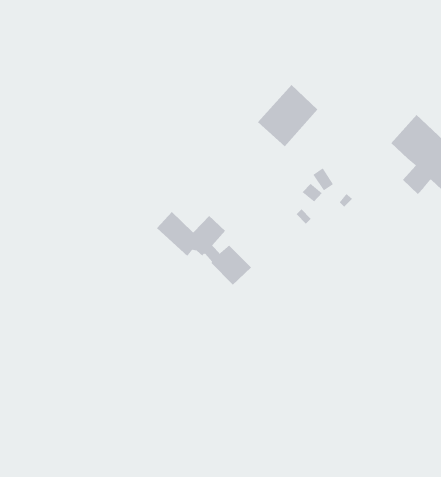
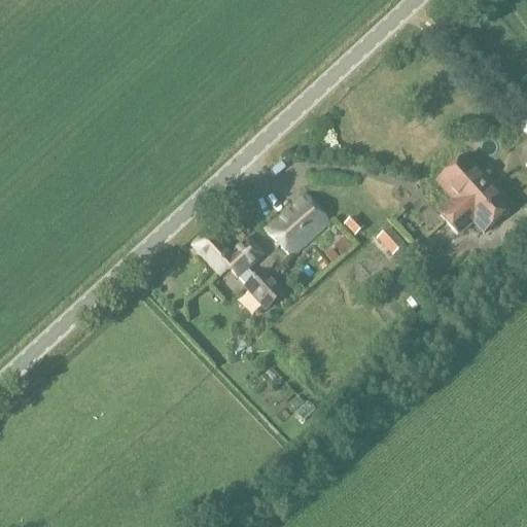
building: [257,84,318,147] -> [266,192,328,255]

